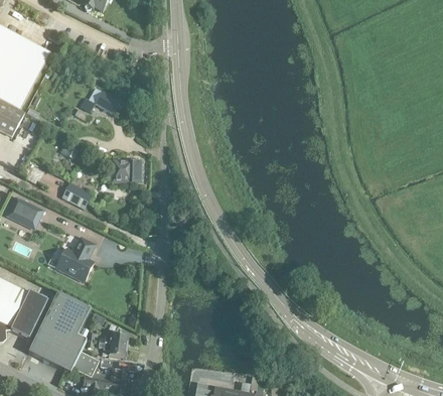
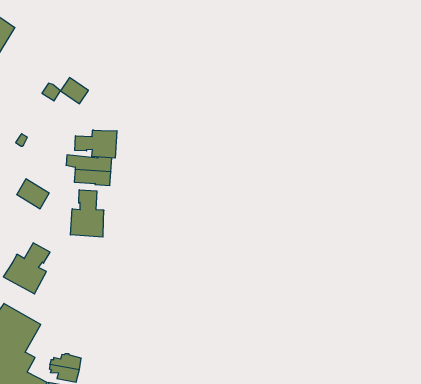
building: none -> [75,130,117,158]
building: none -> [70,190,104,237]

